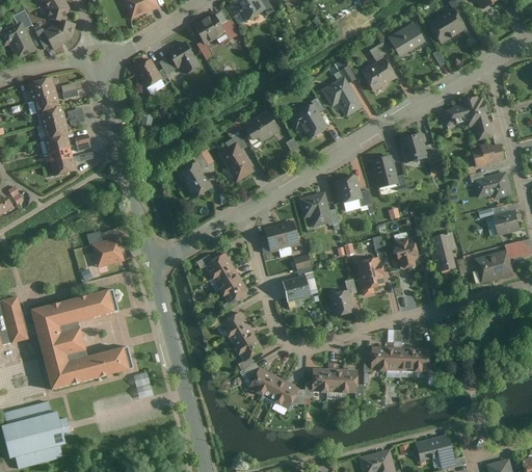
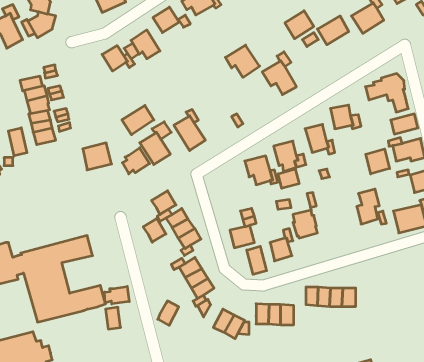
building: [360,60,394,94] -> [285,11,314,39]
building: [26,80,56,103] -> none
building: [286,104,326,142] -> [225,45,260,77]
building: [241,115,276,146] -> none
building: none -> [122,105,154,135]
building: none -> [8,128,27,156]
building: none -> [122,148,150,174]
building: none -> [366,149,390,174]
building: none -> [278,169,299,188]
building: [264,221,300,257] -> none
building: none -> [152,191,176,215]
building: [94,234,128,266] -> [83,143,112,170]
building: [394,237,419,266] -> none
building: none -> [143,218,166,242]
building: none -> [247,246,267,274]
building: none -> [105,286,129,304]
building: [248,366,273,395] -> [158,301,179,325]

